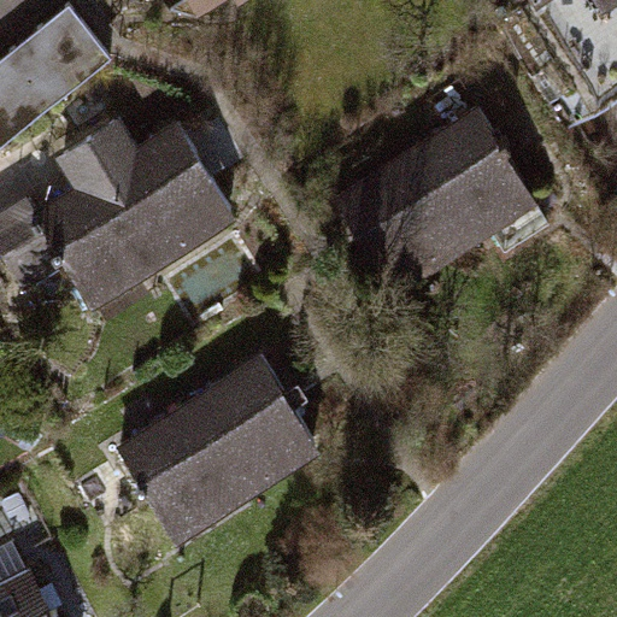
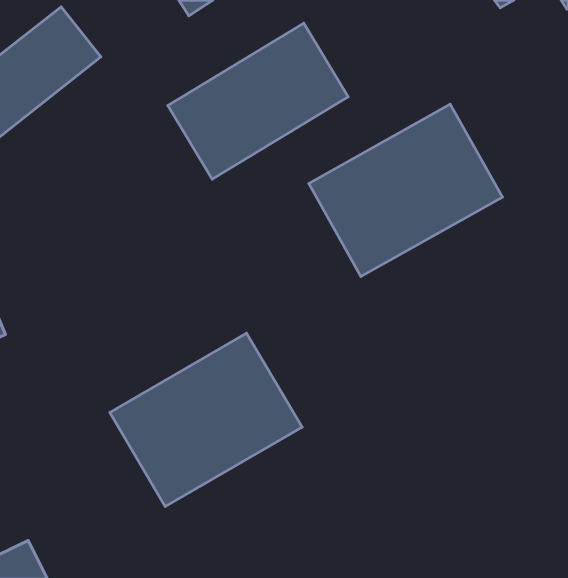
building: none -> [168,23,348,179]
building: [33,121,236,308] -> none

